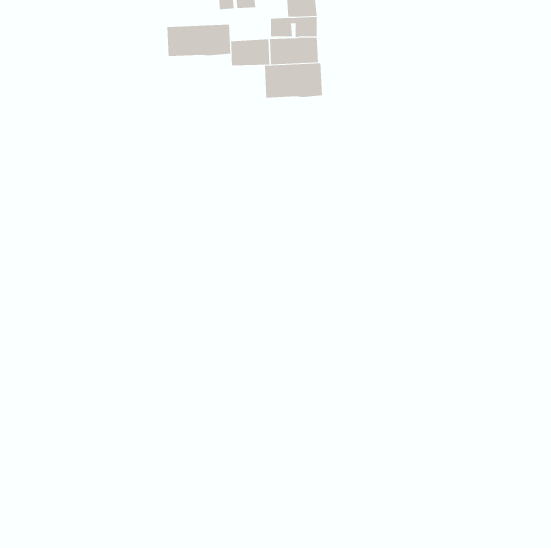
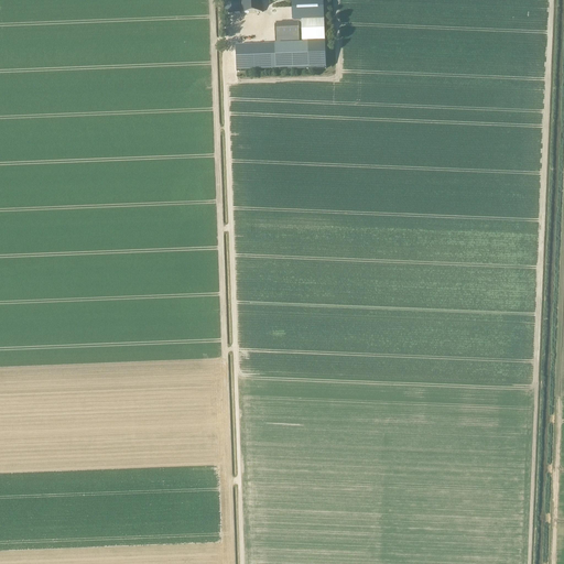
building: [167,24,231,57] -> none
building: [264,63,323,98] -> none

